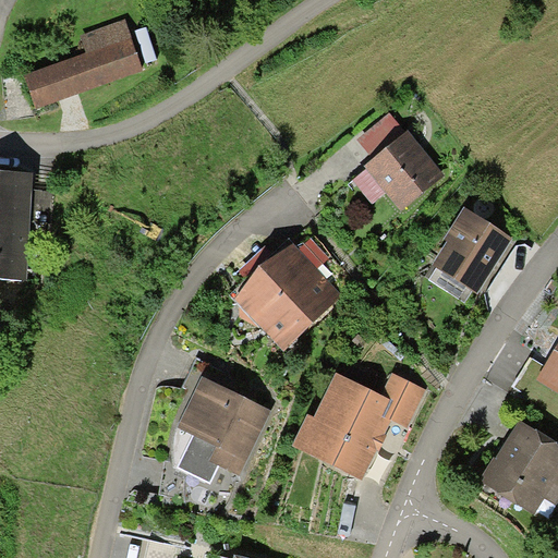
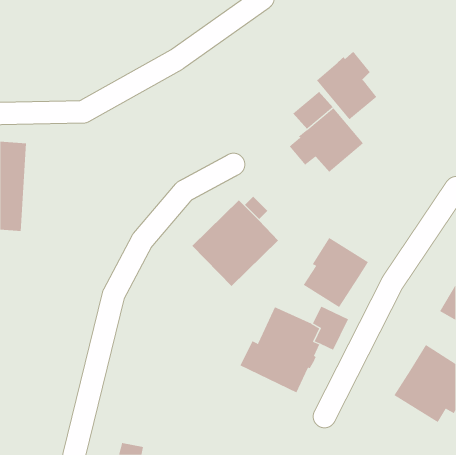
building: [23,19,143,109] -> none
building: none -> [316,51,377,120]
building: [432,207,512,293] -> [303,237,369,308]
building: [177,378,269,483] -> none

